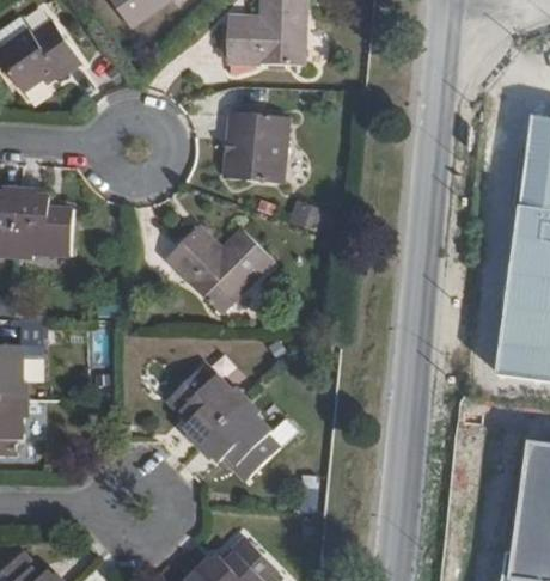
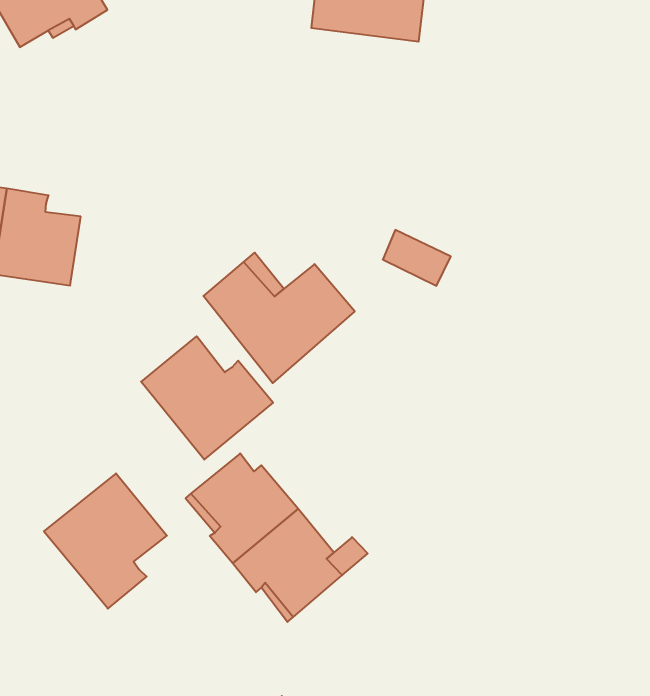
building: [224,112,288,184] -> none
building: none -> [141,336,273,460]
building: none -> [44,473,167,609]

